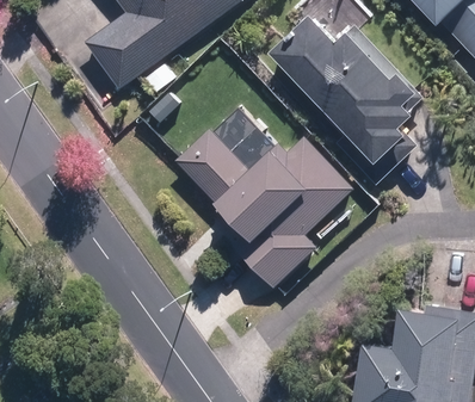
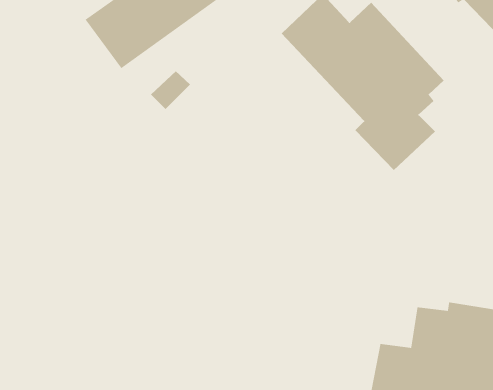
building: [177,129,352,287] -> none

